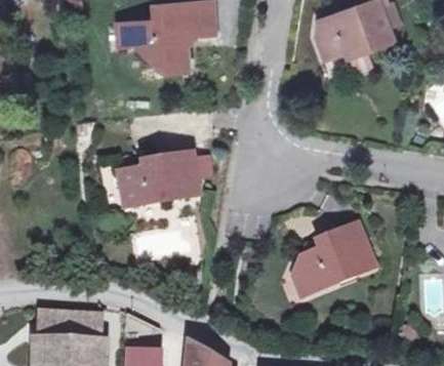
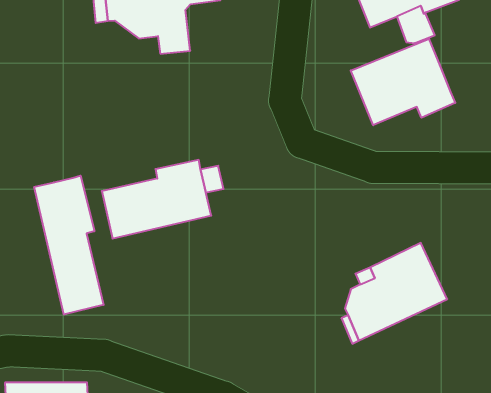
building: none -> [351,39,455,125]
building: none -> [34,176,104,315]

